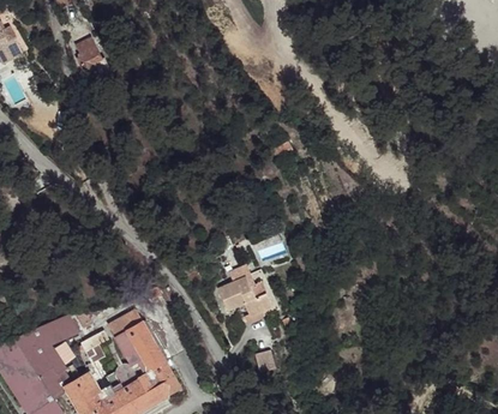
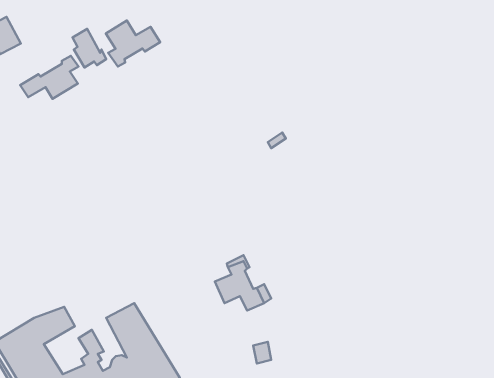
building: none -> [106,20,160,67]
building: none -> [20,56,79,99]

